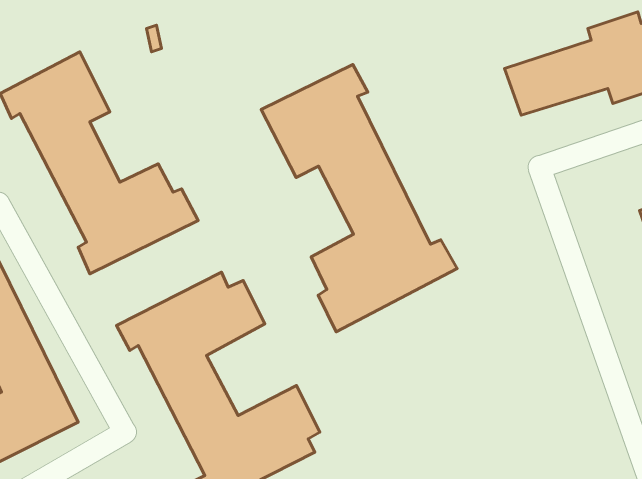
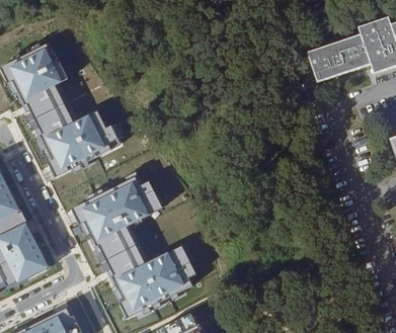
building: [261,64,457,332] -> none

